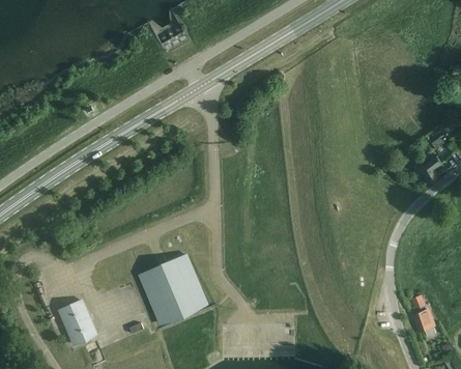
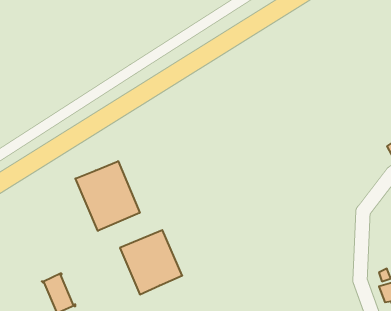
building: none -> [75,161,140,231]

